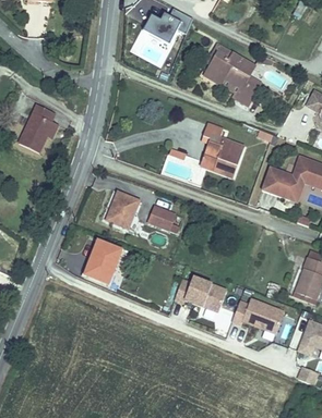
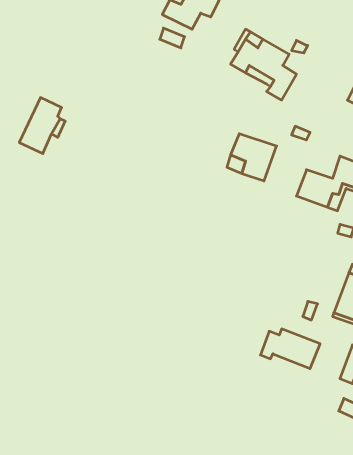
building: [106,190,139,228] -> none
building: [147,206,179,232] -> none
building: [84,241,120,283] -> none
building: [172,276,225,310] -> none

